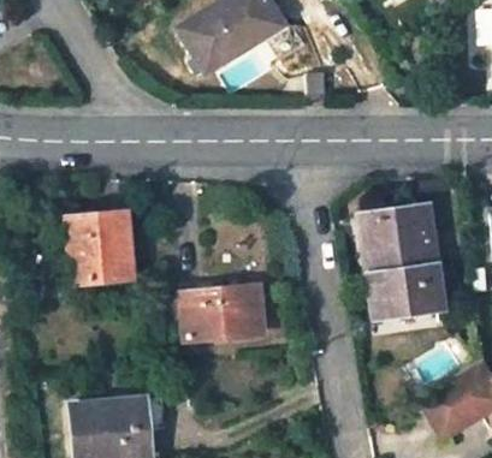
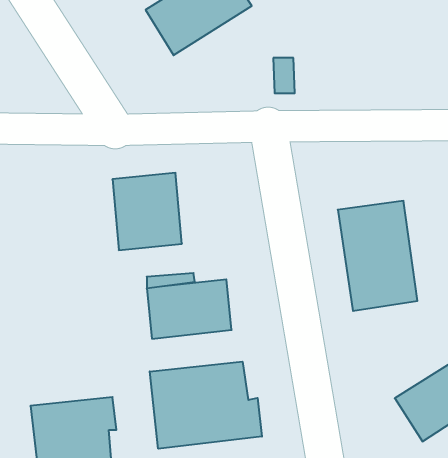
building: [66,209,132,282] -> [112,173,182,250]
building: none -> [150,362,262,449]

